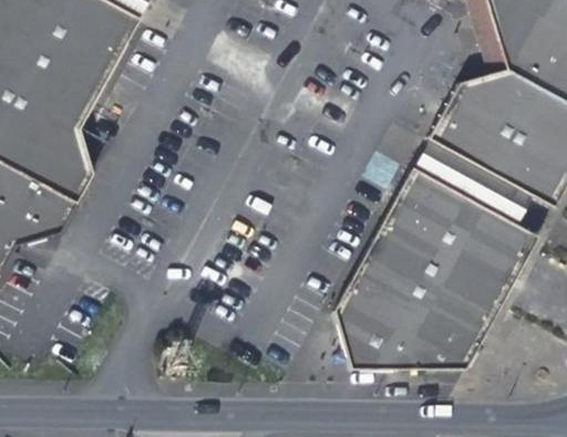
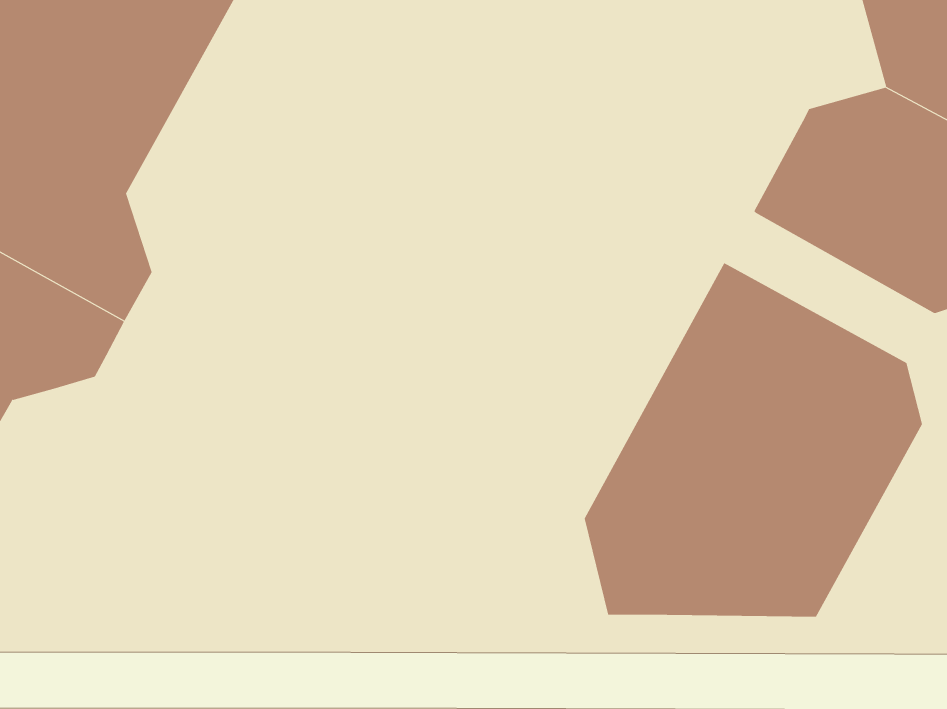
building: [416,136,533,220] -> none

